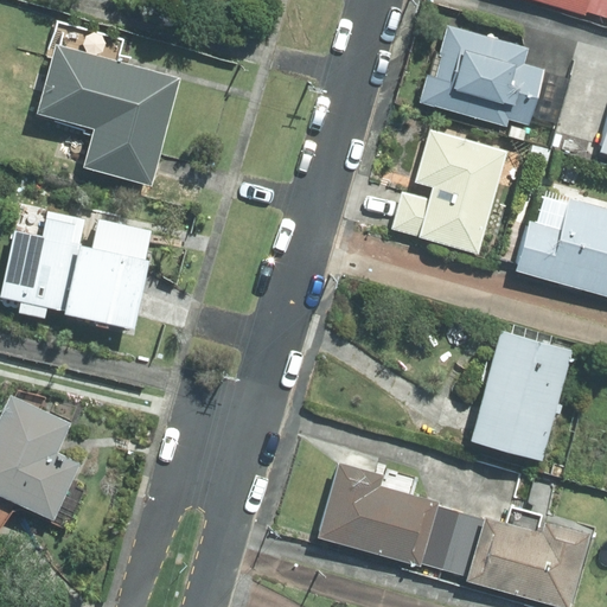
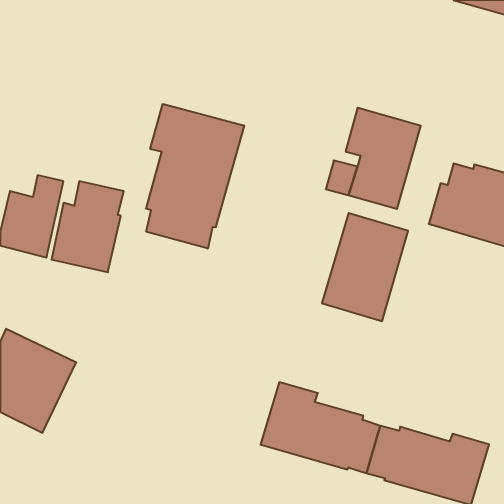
building: [420,27,545,128] -> none
building: [37,45,179,185] -> none
building: none -> [146,104,244,249]
building: [467,328,570,458] -> [322,213,408,321]

